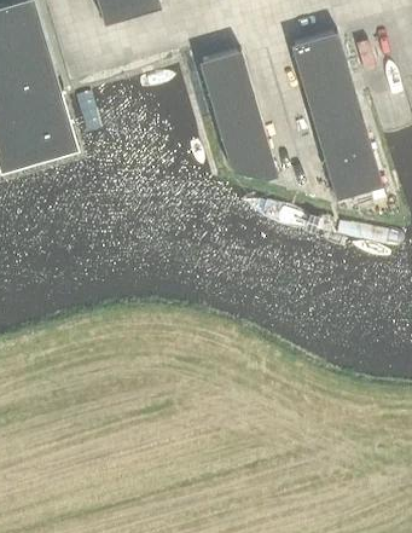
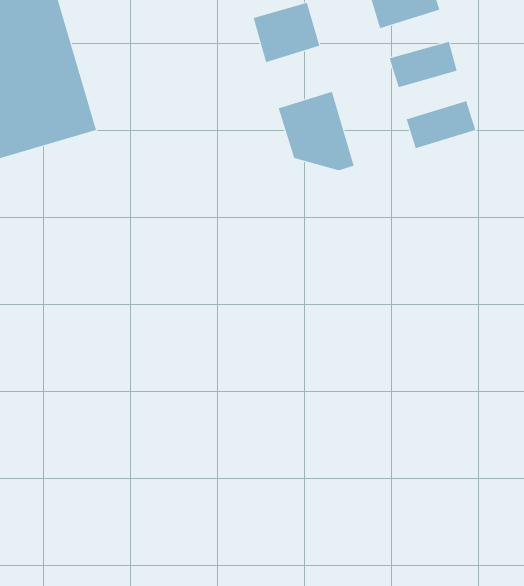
building: [297,56,352,93] -> none
building: [209,83,261,132] -> none
building: [312,103,365,140] -> none
building: [325,149,383,199] -> none

